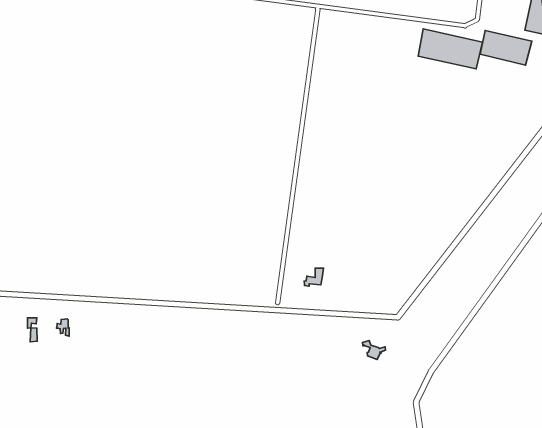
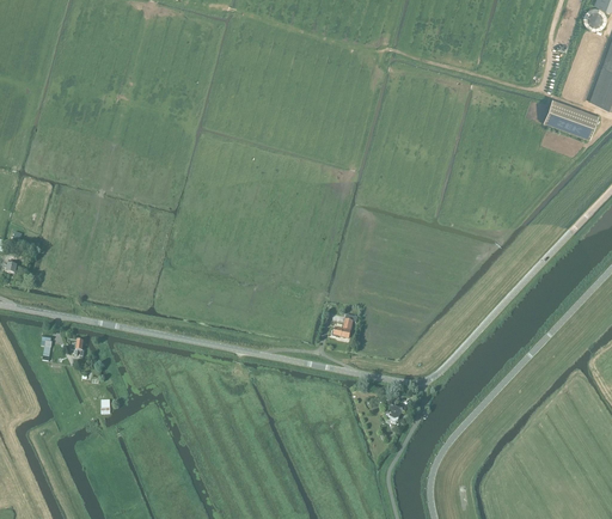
building: [418,29,482,69] -> none

